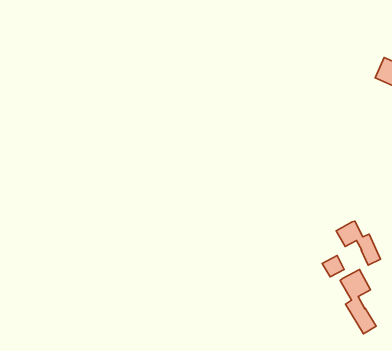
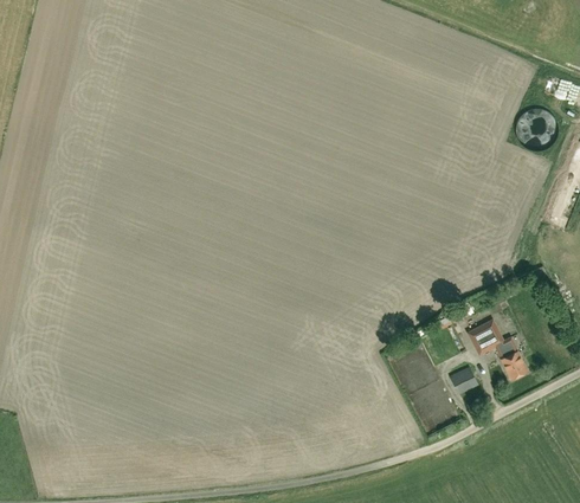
building: [340,270,376,334] -> none

